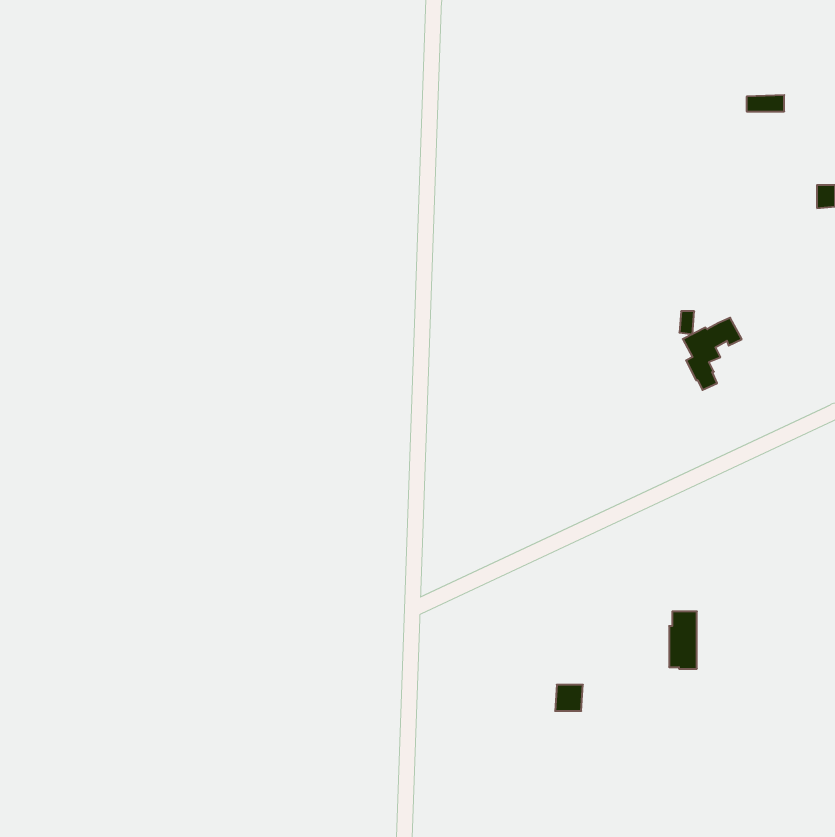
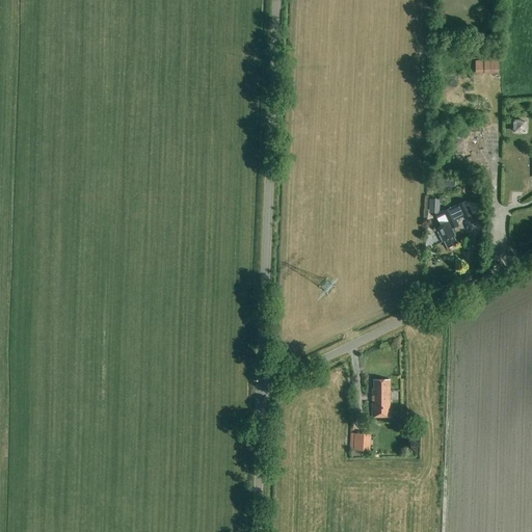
building: [669,611,697,669] -> [371,380,389,417]

